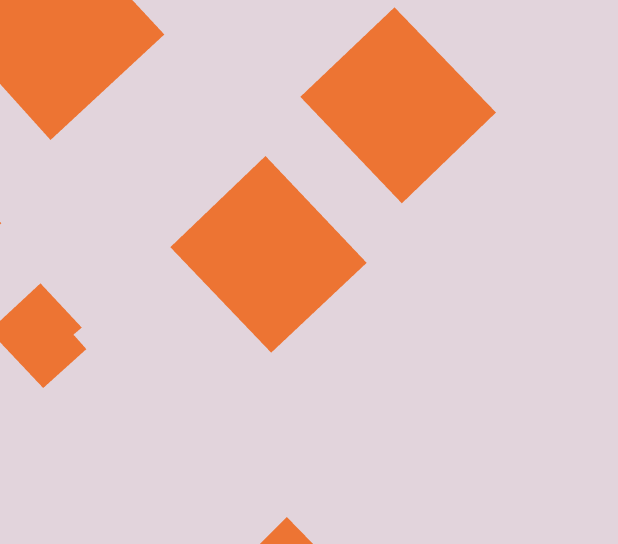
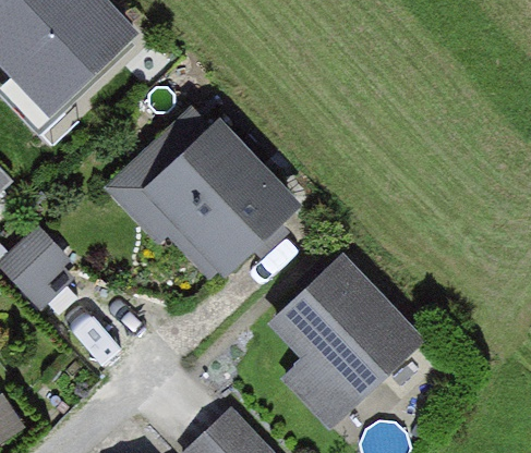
building: [299,6,497,204] -> none
building: none -> [260,260,415,417]

